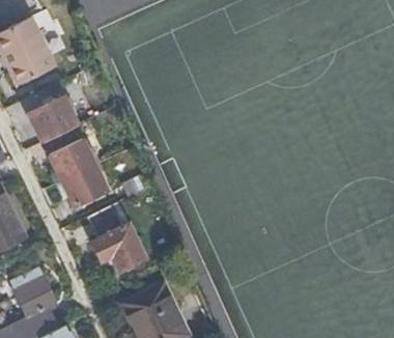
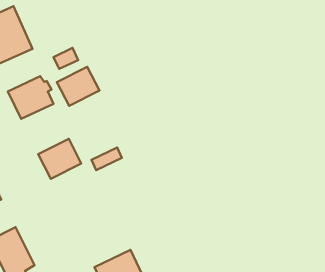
building: [49,140,95,182] -> [57,67,100,106]
building: [87,203,147,271] -> none

